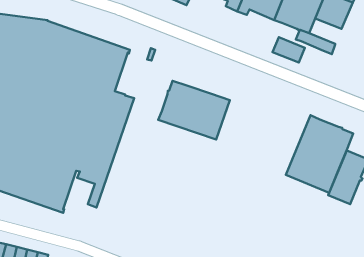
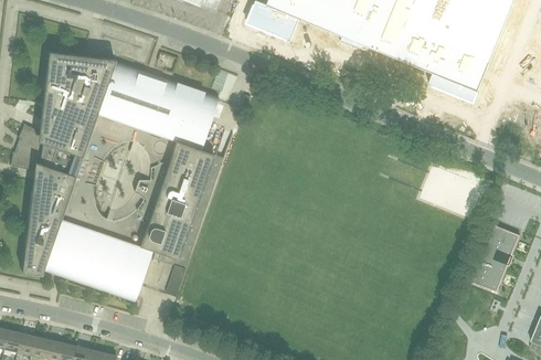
building: [273,37,305,63] -> [445,57,486,89]
building: [158,81,230,140] -> none
building: [286,115,353,193] -> none

